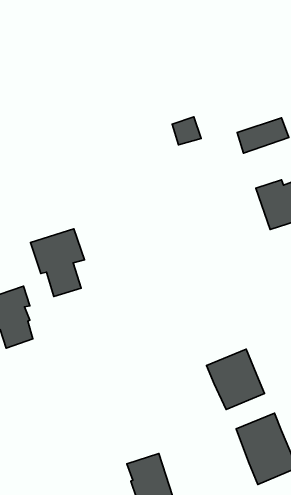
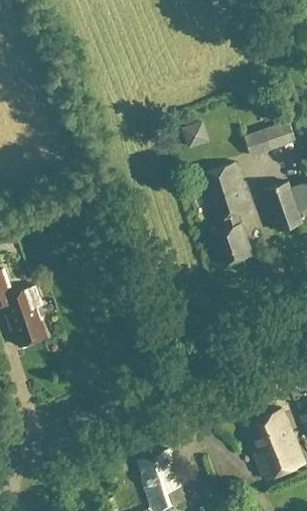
building: none -> [200,162,253,265]
building: [30,229,84,296] -> none
building: [207,349,264,410] -> none

